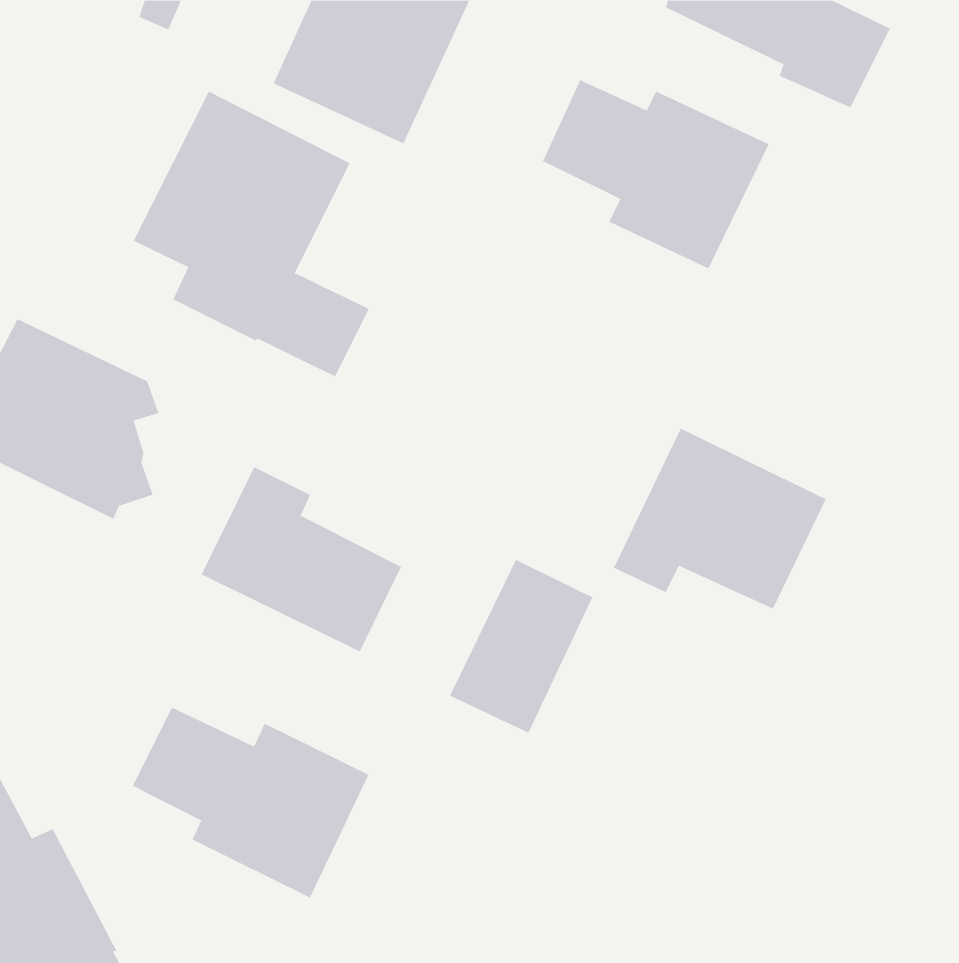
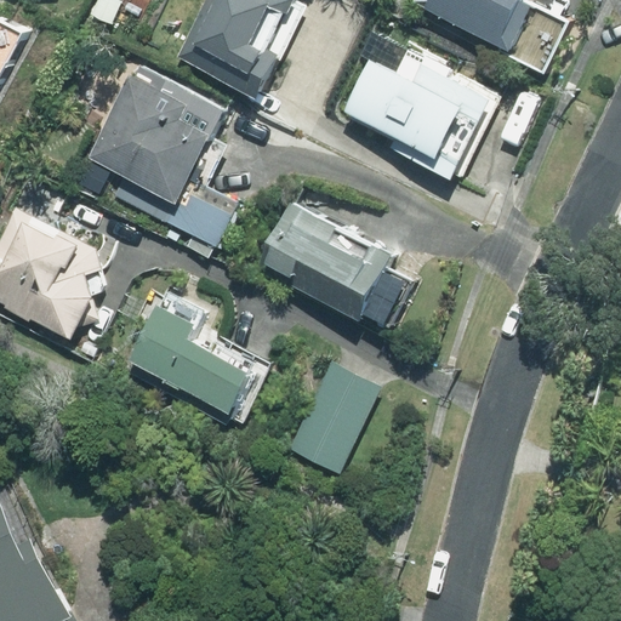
building: none -> [260,203,395,319]
building: [613,428,827,609] -> none
building: [132,707,369,899] -> none

